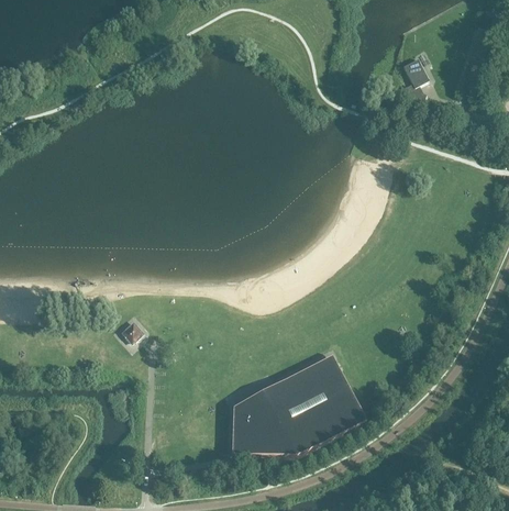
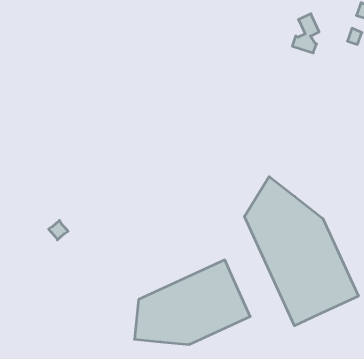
building: none -> [244,177,358,326]

